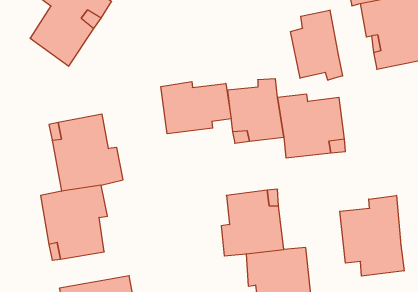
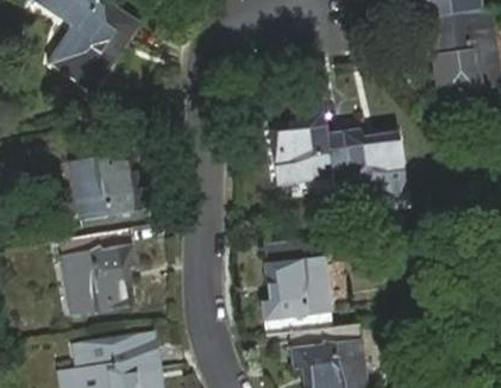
building: [290,10,343,80] -> none
building: [161,82,231,134] -> none
building: [340,195,404,276] -> none

